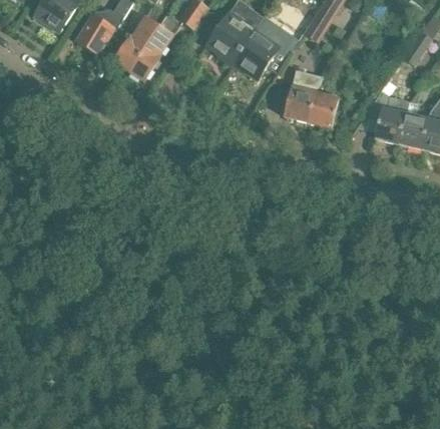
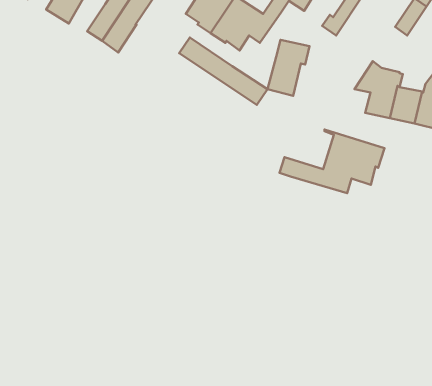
building: none -> [179,37,267,105]
building: [307,91,338,127] -> none
building: none -> [280,129,385,193]

